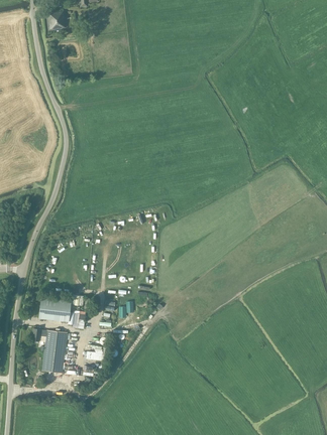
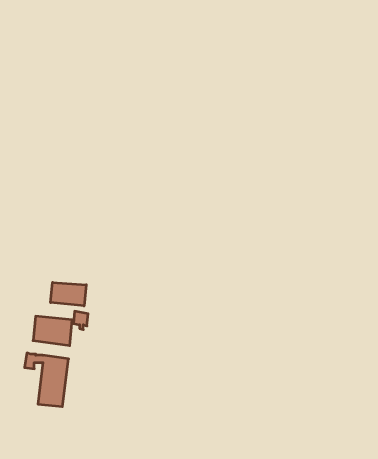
building: none -> [51,282,86,306]

